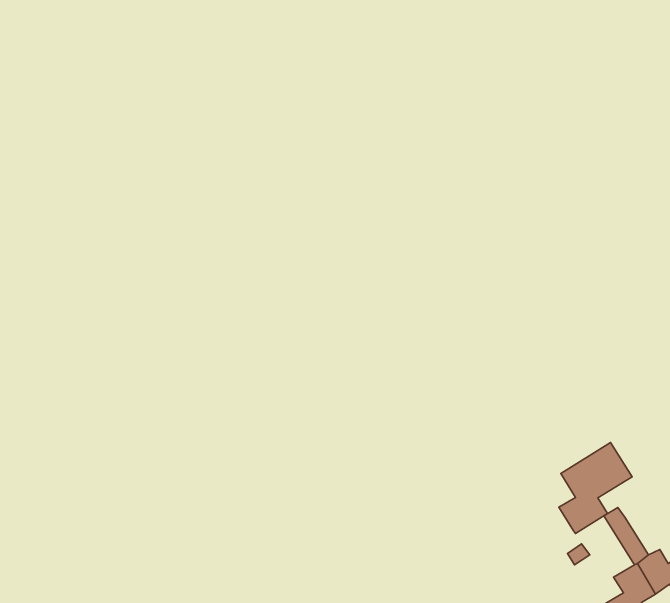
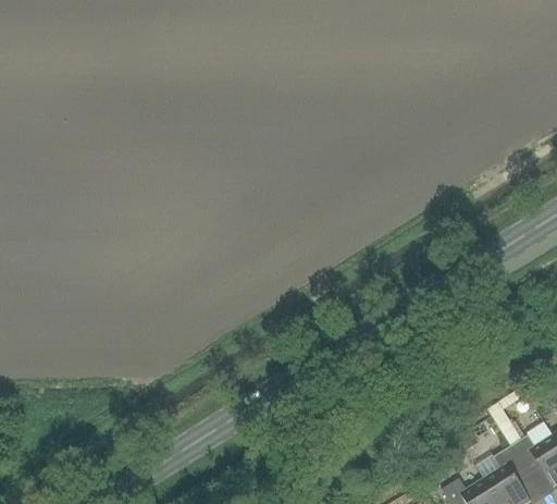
building: [559,442,632,534] -> none

